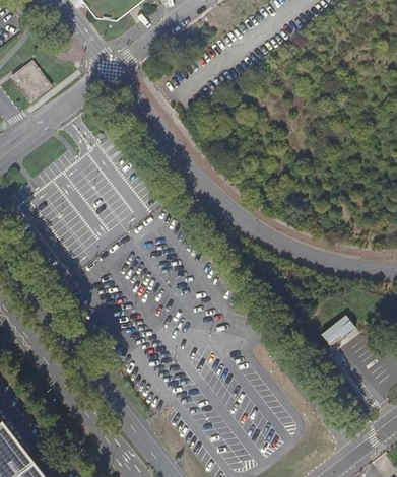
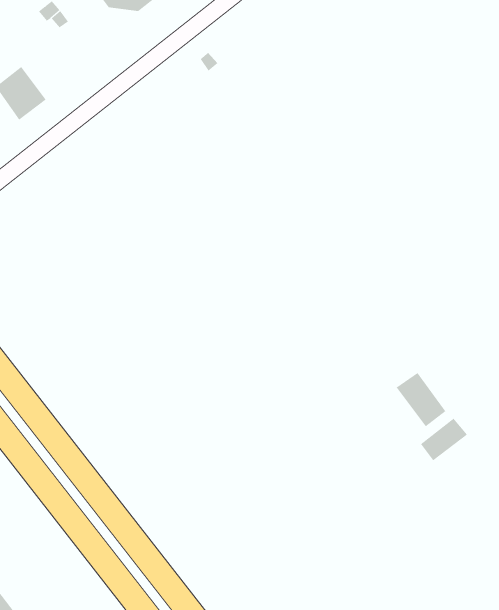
building: none -> [396,372,446,427]

